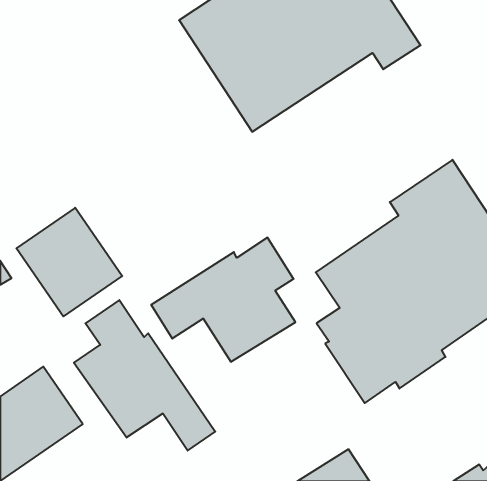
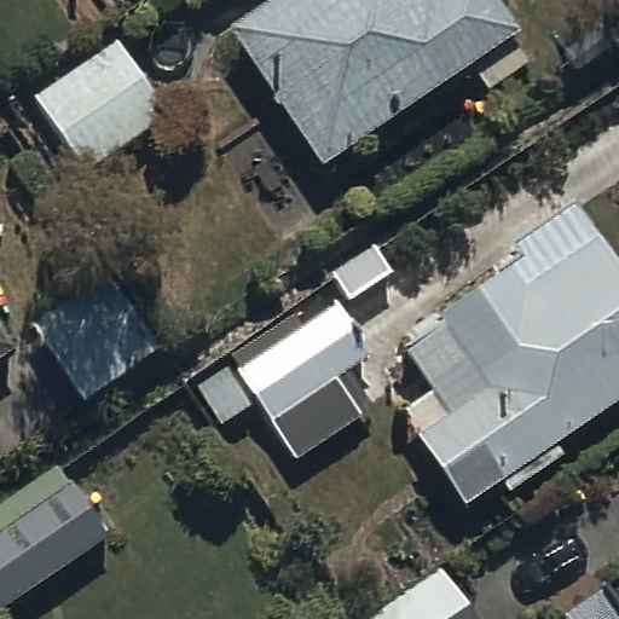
building: none -> [31,34,167,168]
building: [74,300,215,451] -> none

